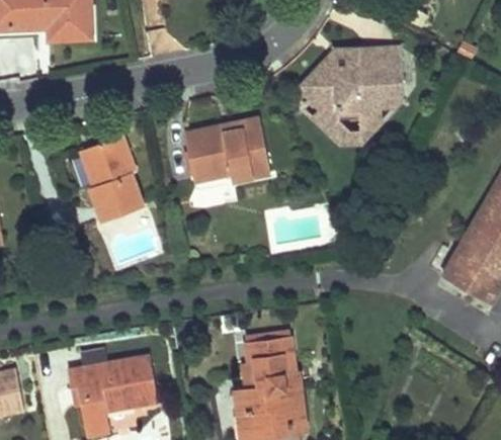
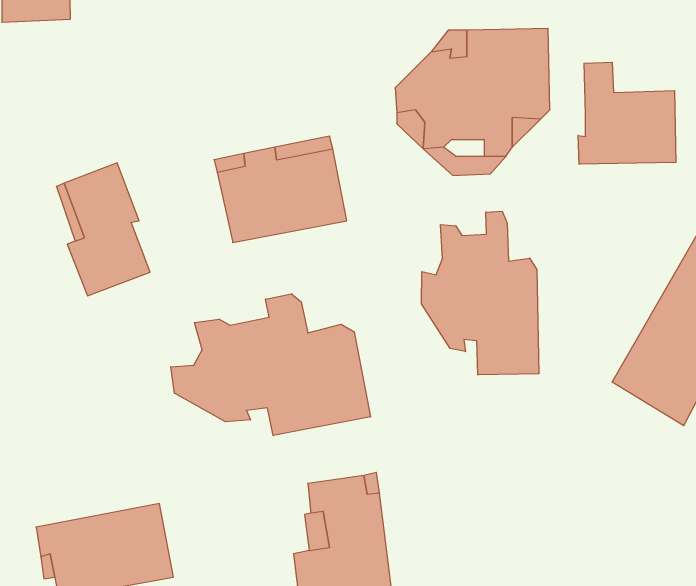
building: none -> [578,62,676,164]
building: none -> [422,211,539,375]
building: none -> [171,294,371,436]

